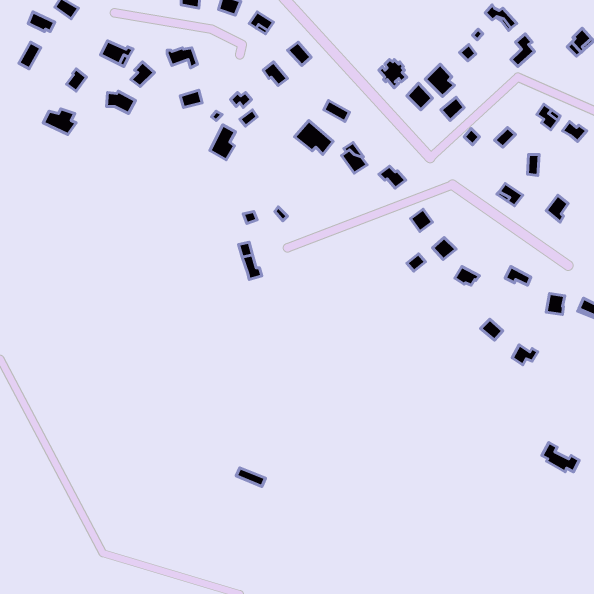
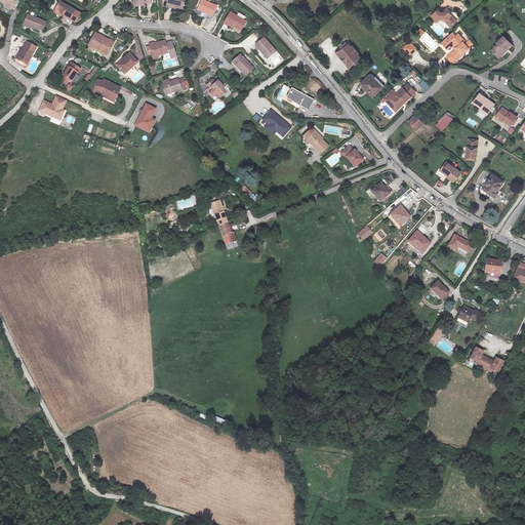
building: [425,64,454,97] -> none
building: [210,125,236,160] -> [136,99,159,130]
building: [542,443,579,472] -> [465,345,497,370]

